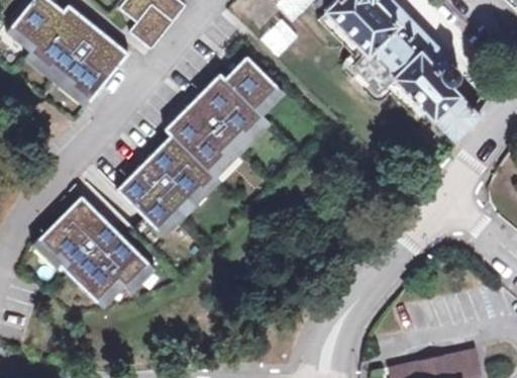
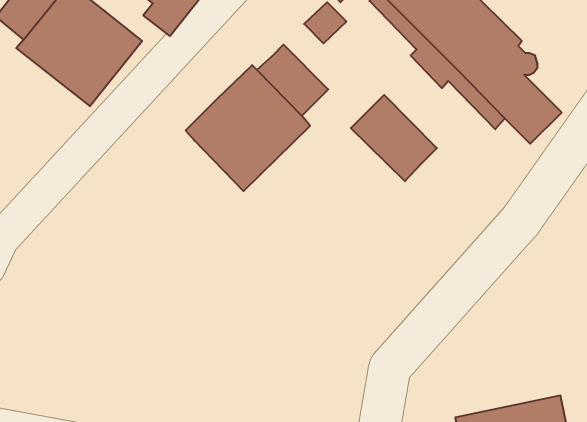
building: none -> [351,95,437,181]
building: [116,134,218,235] -> none
building: [34,194,156,308] -> none

